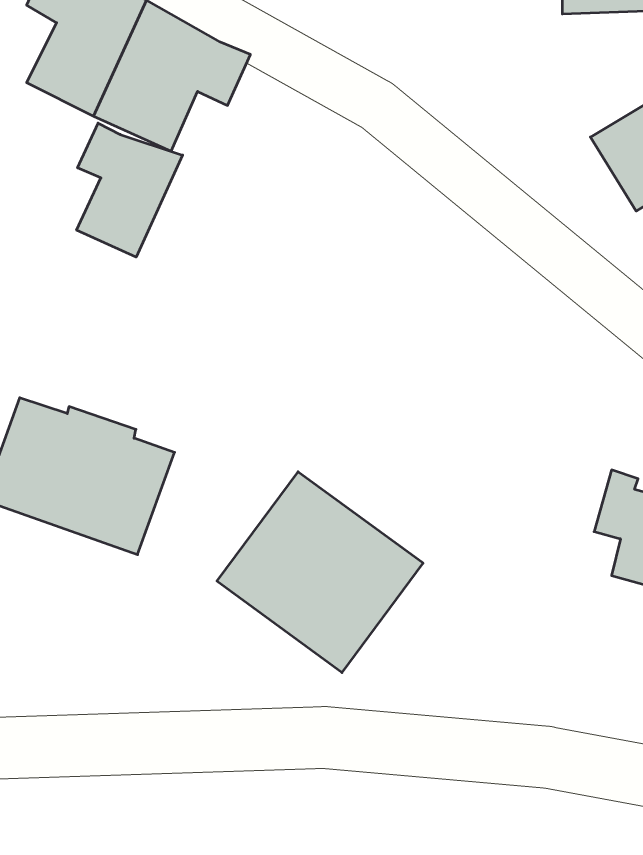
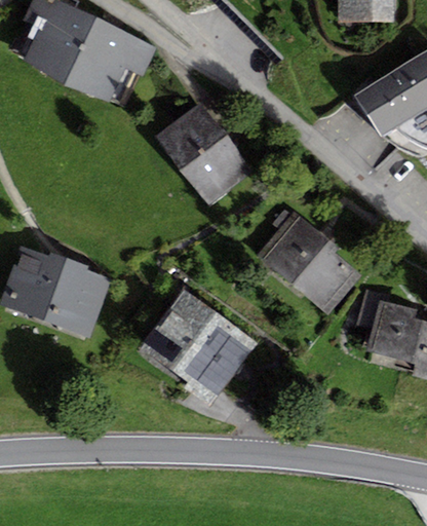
building: [77,123,183,257] -> none
building: none -> [157,102,256,206]
building: none -> [257,212,361,315]

